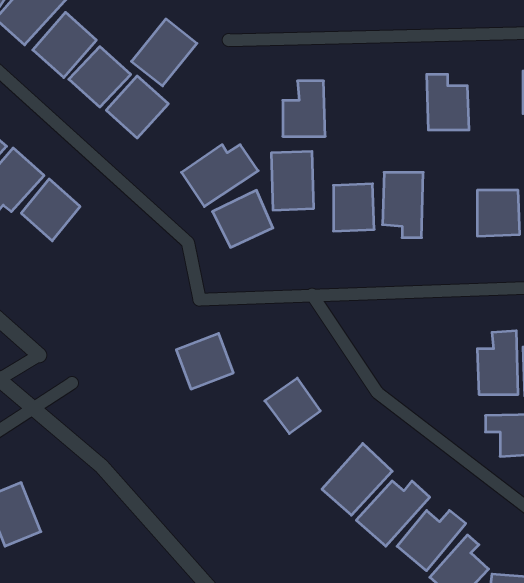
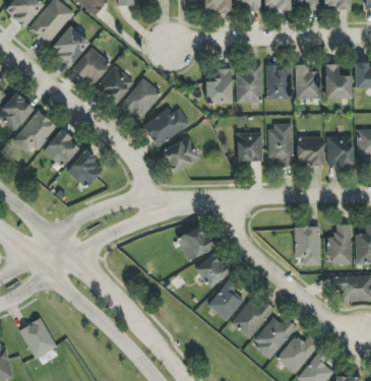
building: [131,19,197,86] -> [121,77,162,119]
building: none -> [265,64,291,99]
building: none -> [324,64,351,99]
building: [271,151,314,210] -> [235,66,261,103]
building: none -> [296,136,323,165]
building: none -> [66,149,104,187]
building: [176,333,233,389] -> [177,226,212,260]
building: none -> [293,227,320,265]
building: none -> [208,278,244,320]

